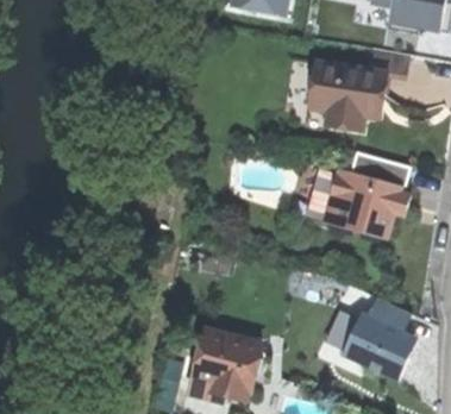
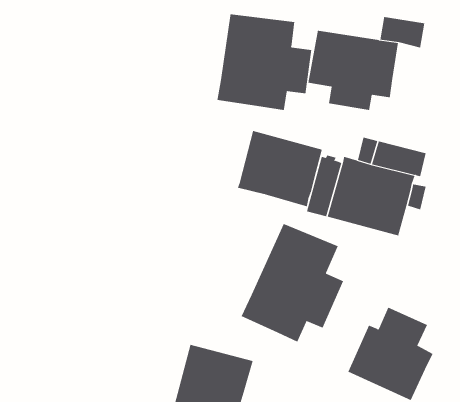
building: none -> [217,13,312,111]
building: none -> [237,130,323,207]
building: none -> [241,223,344,342]

